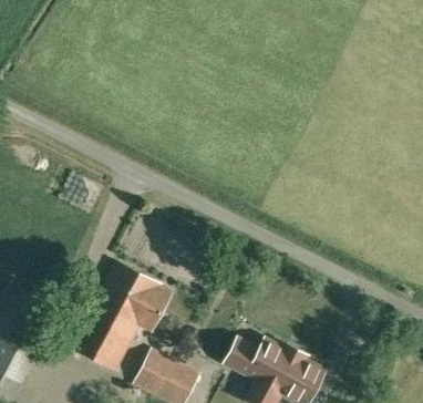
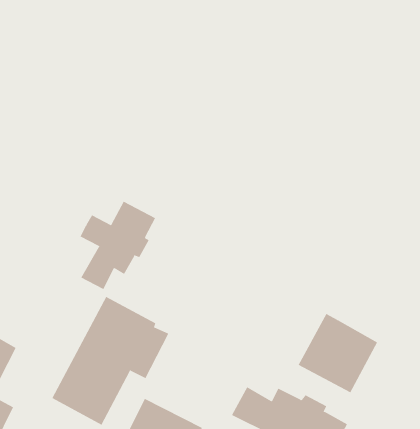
building: none -> [80,201,156,290]
building: none -> [298,313,378,393]

